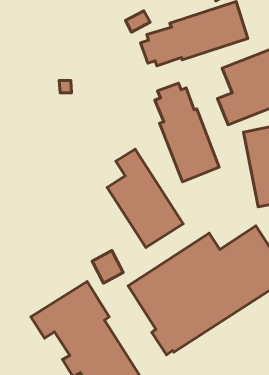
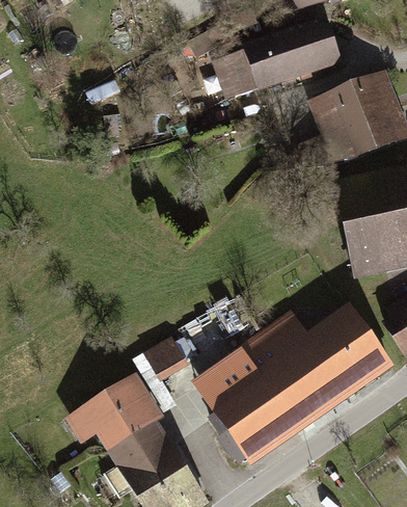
building: [155,83,219,182] -> none
building: [107,149,183,247] -> none

